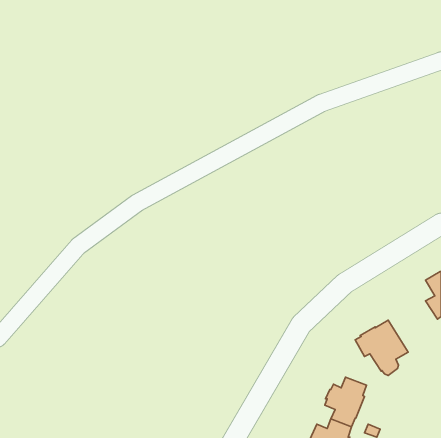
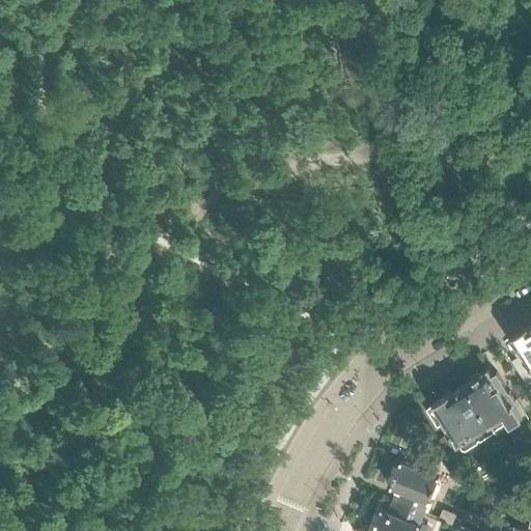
building: none -> [463,373,523,437]

